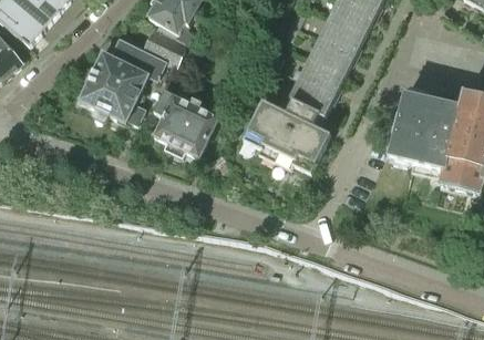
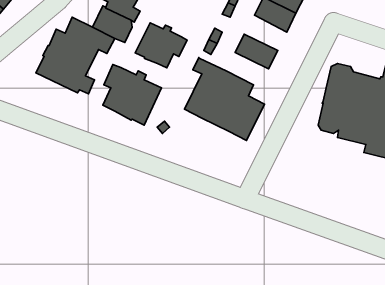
building: [309,35,356,74] -> none
building: none -> [135,23,187,68]
building: [289,76,336,115] -> none

